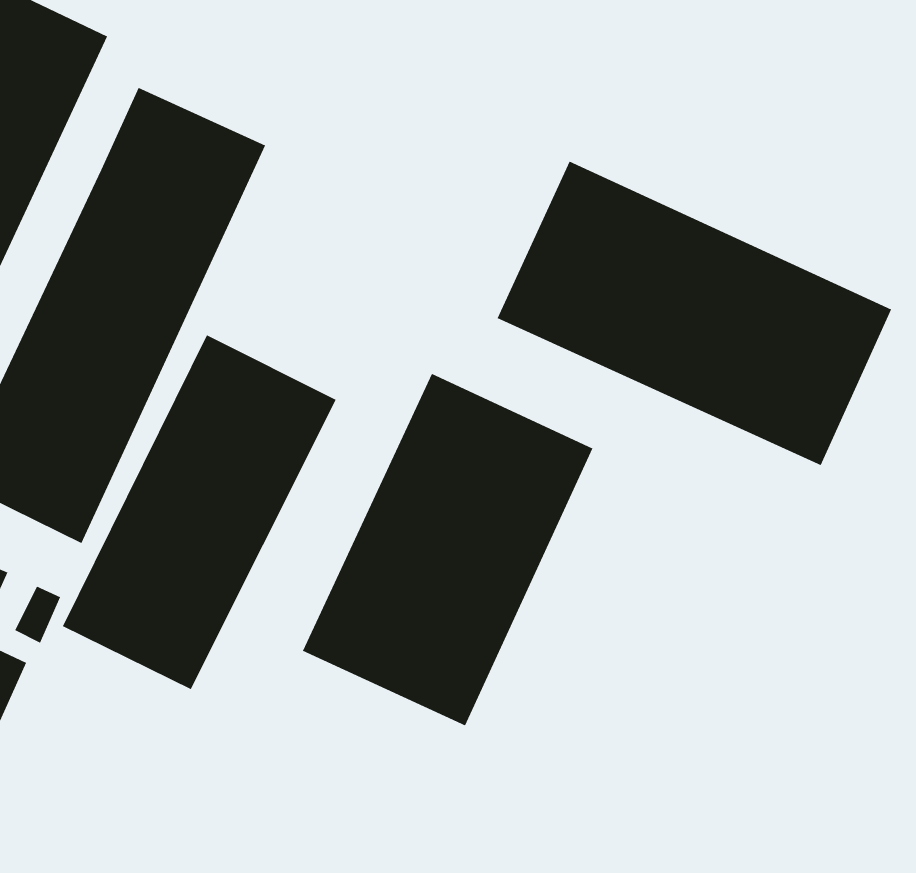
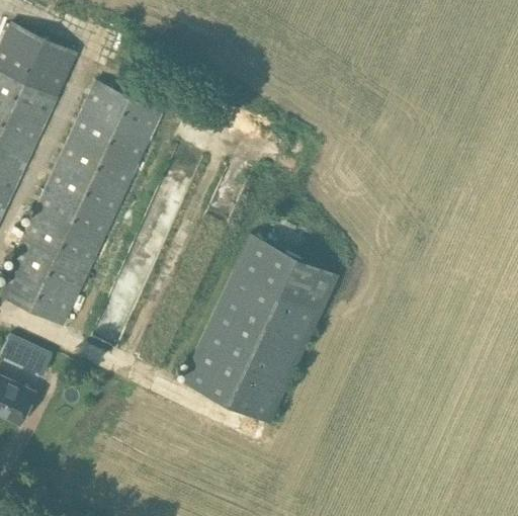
building: [496,160,892,466] -> none
building: [62,334,337,690] -> none

